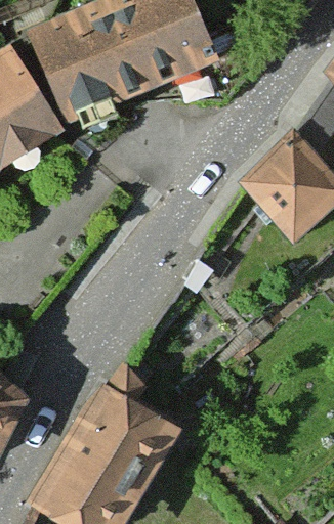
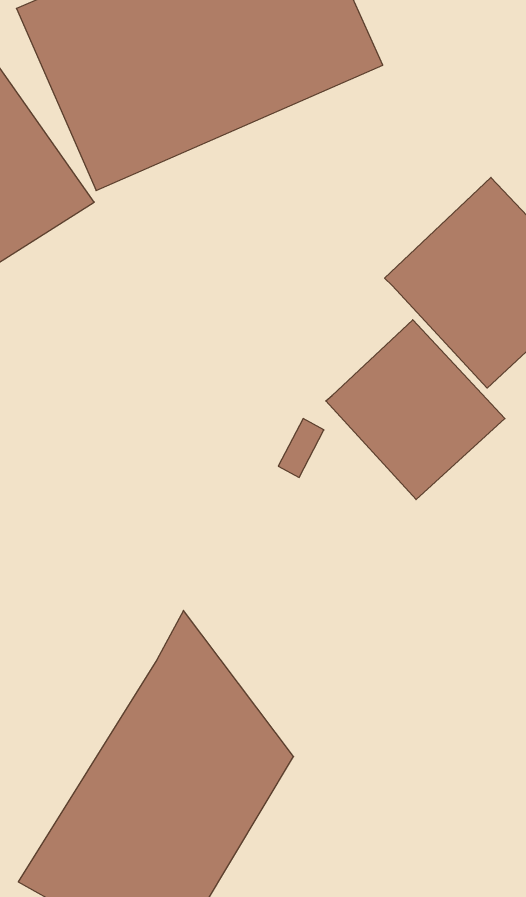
building: none -> [326,320,505,500]

